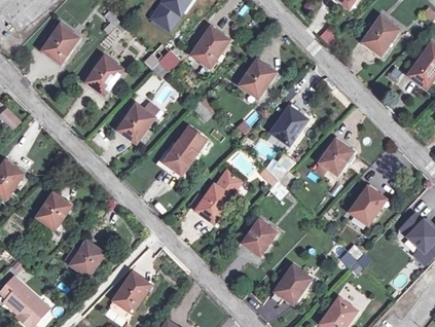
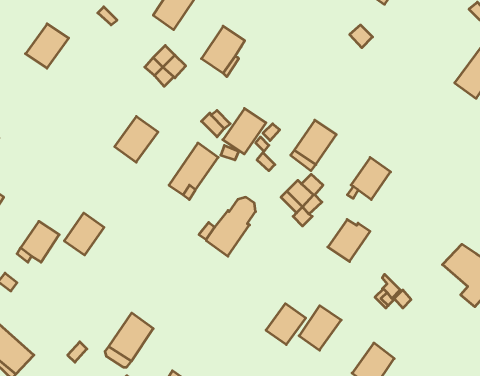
building: [362,16,399,56] -> none
building: [85,56,121,95] -> none
building: [239,59,276,98] -> [223,108,266,154]
building: [349,188,385,224] -> [328,219,370,262]
building: [242,220,276,255] -> [266,304,306,345]
building: [70,241,104,277] -> [64,213,104,255]

